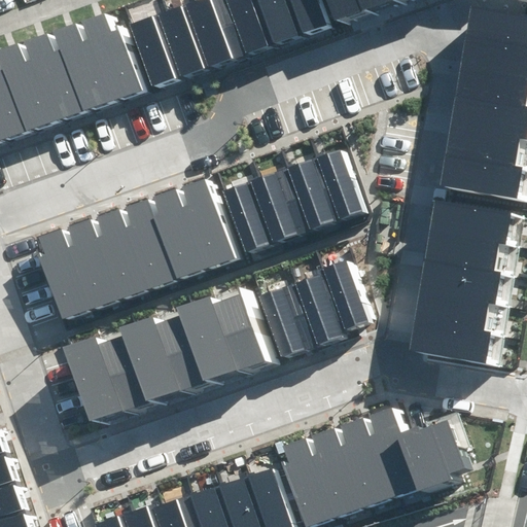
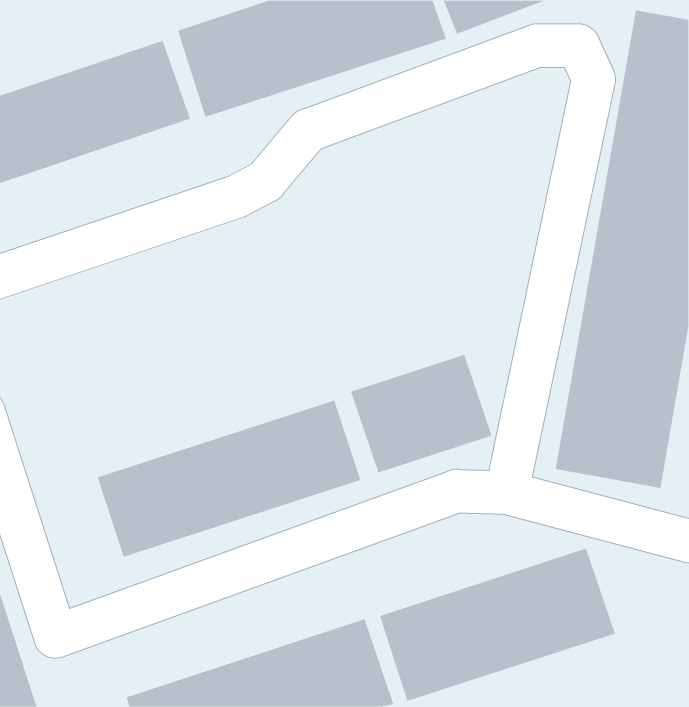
building: [220,144,363,256] -> none
building: [39,194,232,315] -> none

